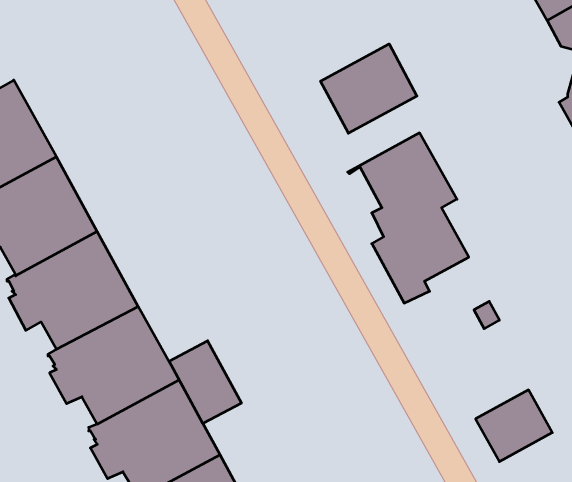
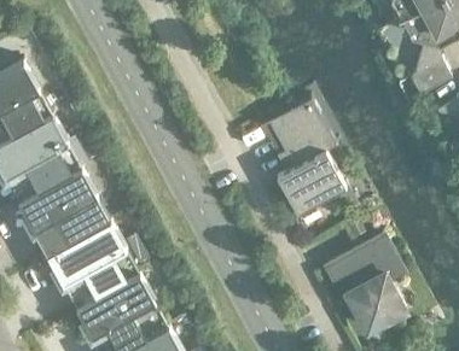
building: [321,44,417,133] -> none
building: none -> [325,239,401,305]
building: [169,341,241,423] -> none

